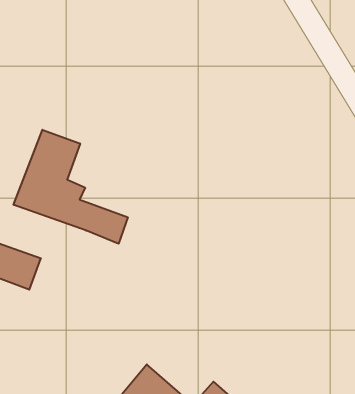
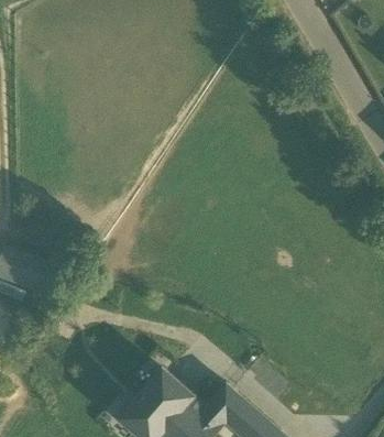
building: [14,130,128,244] -> none

